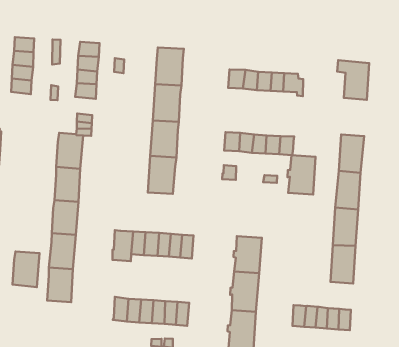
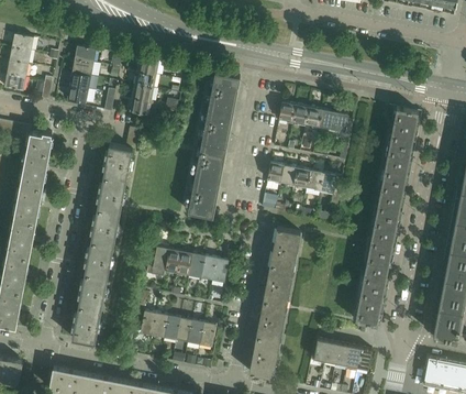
building: none -> [382,143,411,183]
building: [287,155,316,194] -> [269,229,300,270]
building: [13,251,39,287] -> [71,306,101,343]

